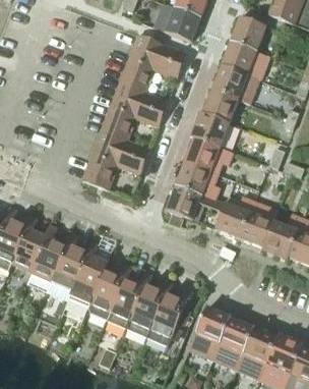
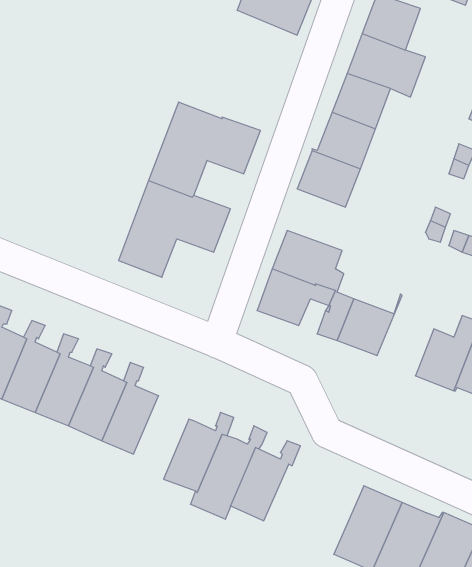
building: [119,35,187,94] -> none
building: [185,136,233,174] -> none
building: [240,202,279,251] -> none
building: [89,263,132,314] -> none
building: [189,307,232,359] -> none

